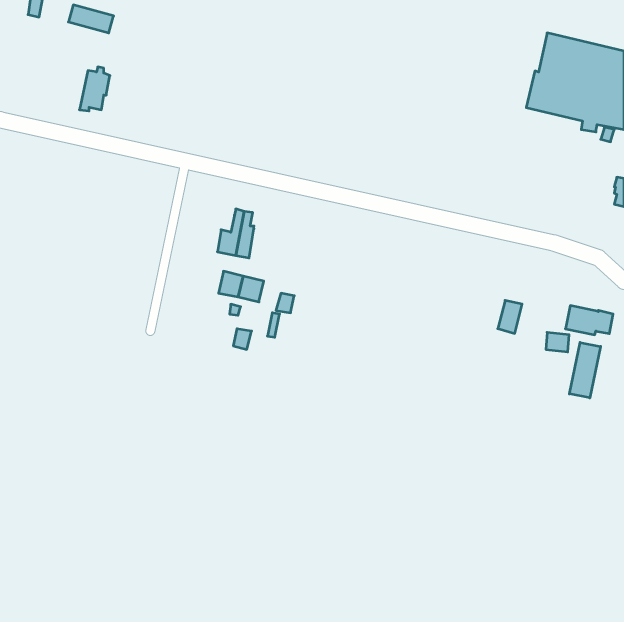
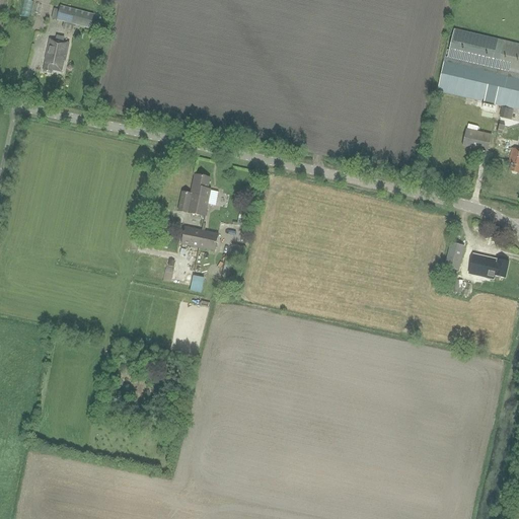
building: [79,67,110,111] -> [44,34,69,71]
building: none -> [462,127,492,150]
building: [498,300,522,333] -> [444,241,464,269]
building: [569,342,601,398] -> none

